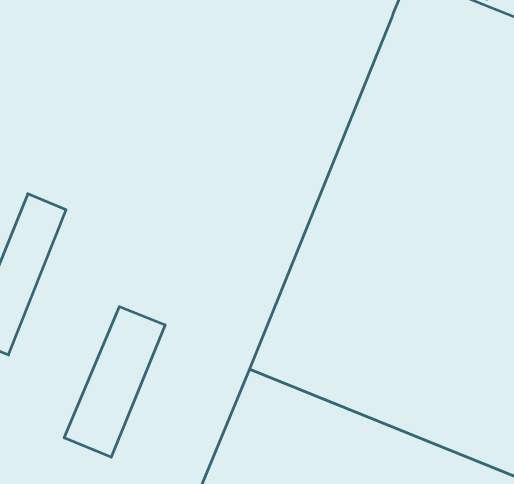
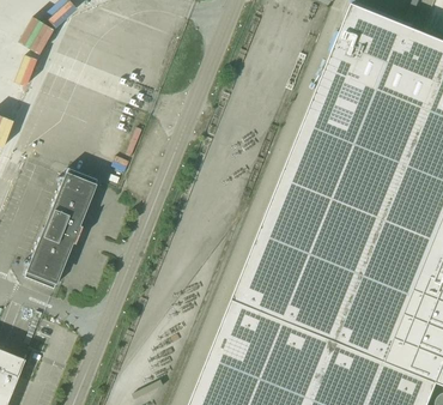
building: [64,307,165,457] -> none

